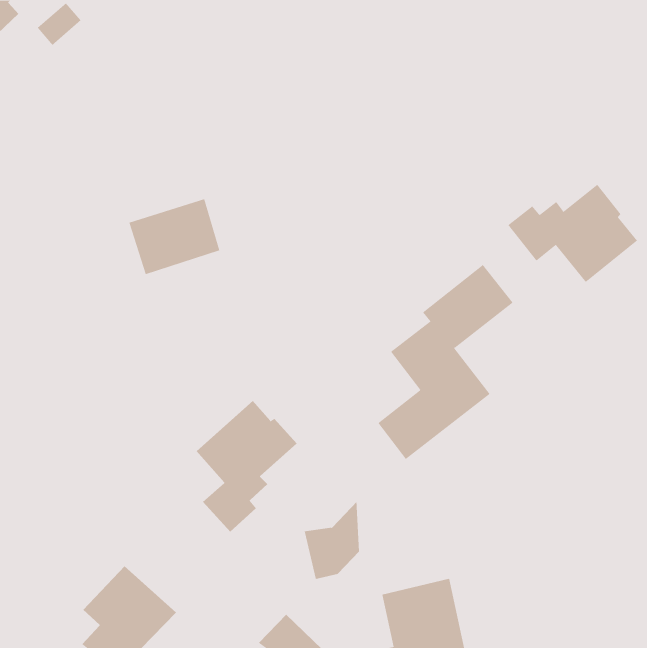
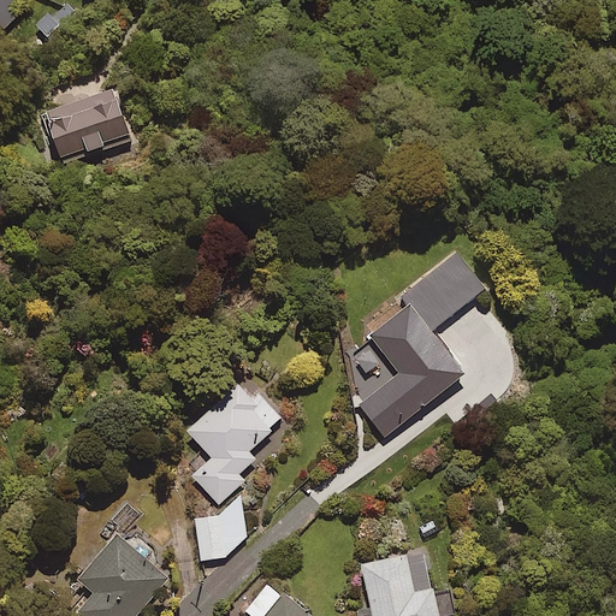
building: [508,184,638,283] -> none
building: [129,198,220,275] -> [43,88,130,160]
building: [304,501,360,579] -> [192,490,245,564]

